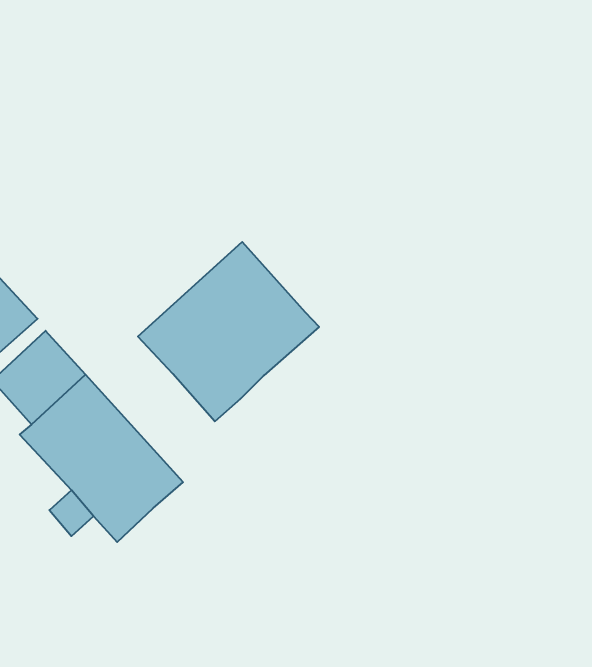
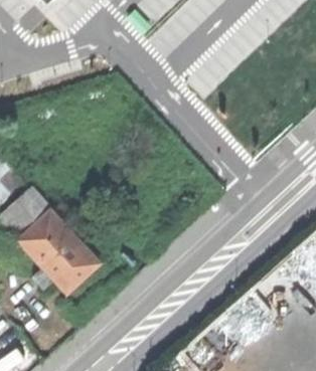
building: [138,242,319,421] -> none

